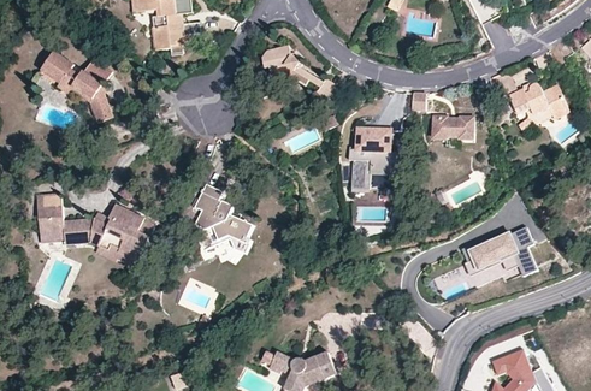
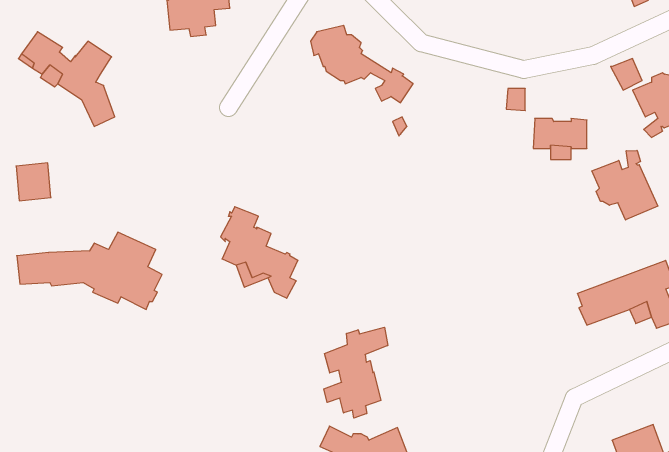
building: [348,130,398,190] -> none
building: none -> [592,150,658,220]
building: [36,191,63,220] -> [16,163,51,201]
building: none -> [324,327,388,418]

